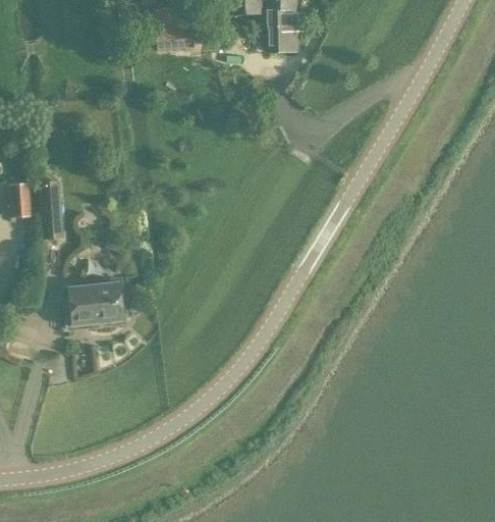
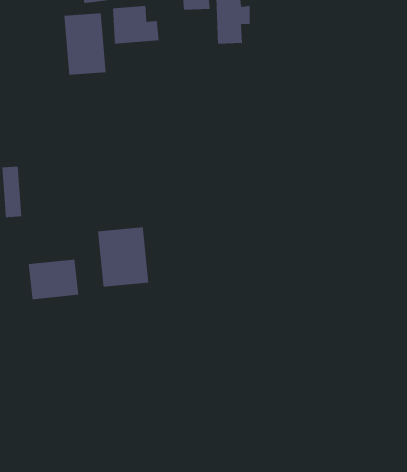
building: none -> [64,12,106,76]
building: none -> [98,227,149,288]

